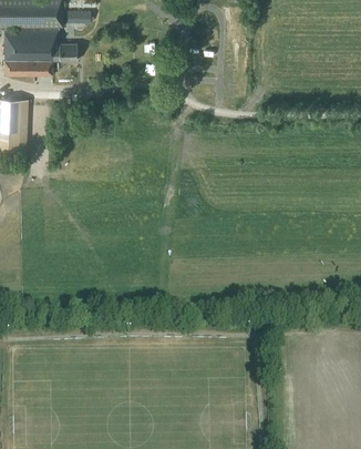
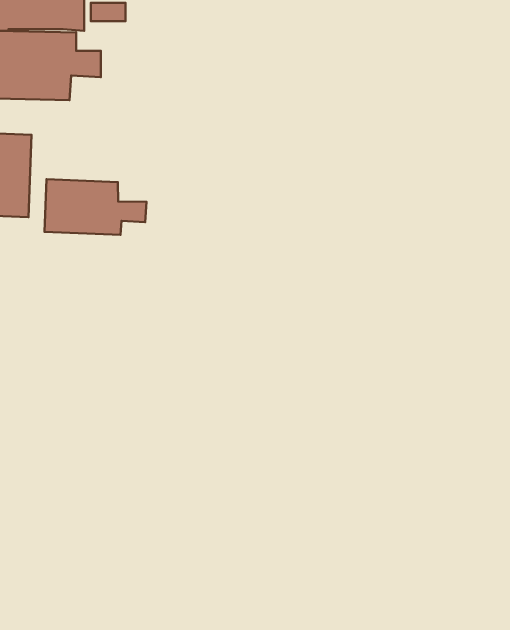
building: none -> [45,179,147,235]

